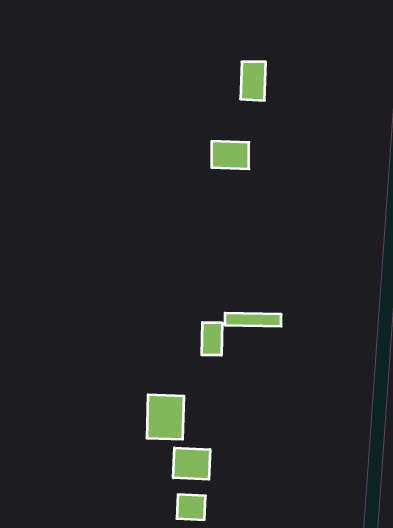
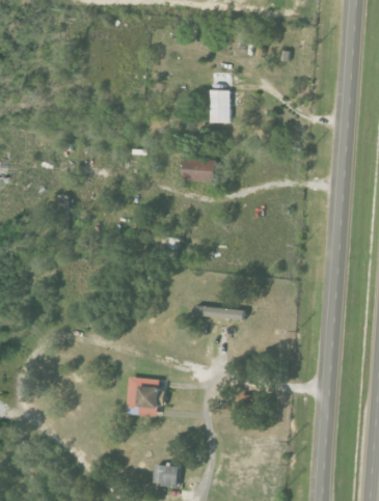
building: [202,322,222,355] -> none
building: [173,448,210,479] -> none

